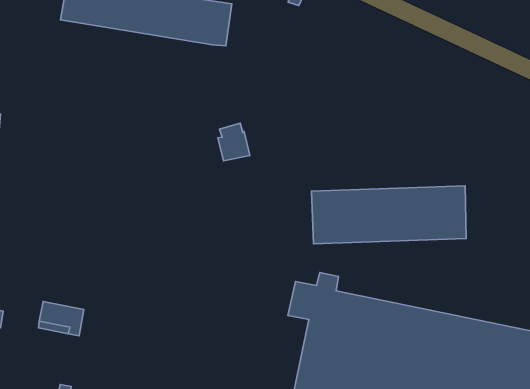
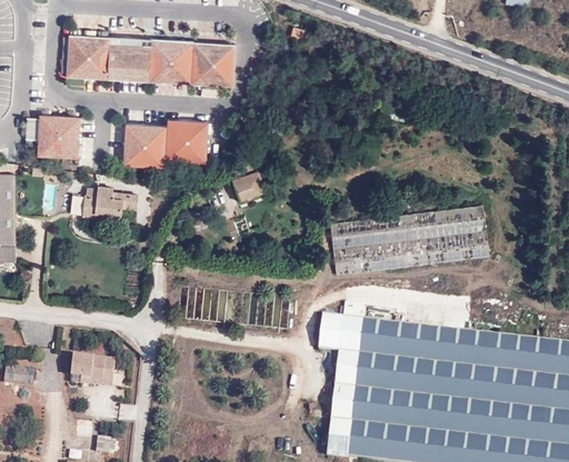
building: none -> [36,113,79,158]
building: none -> [121,119,207,165]
building: none -> [81,184,137,217]

